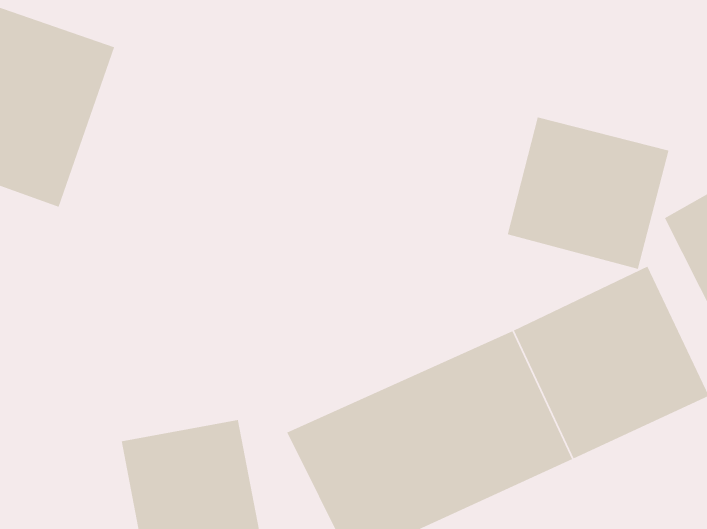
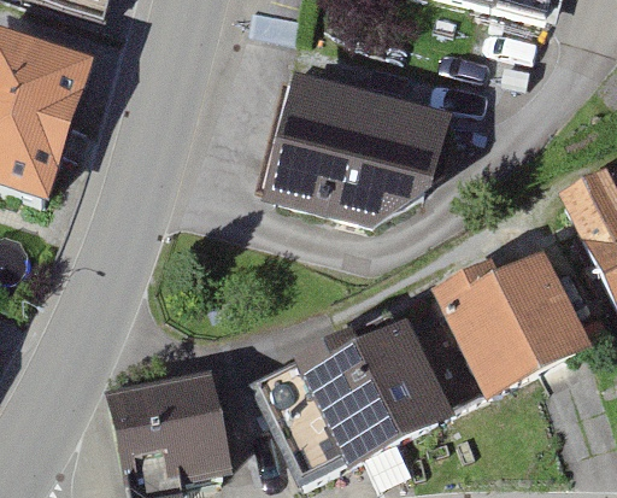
building: none -> [262,71,448,225]
building: [507,117,670,270] -> none

